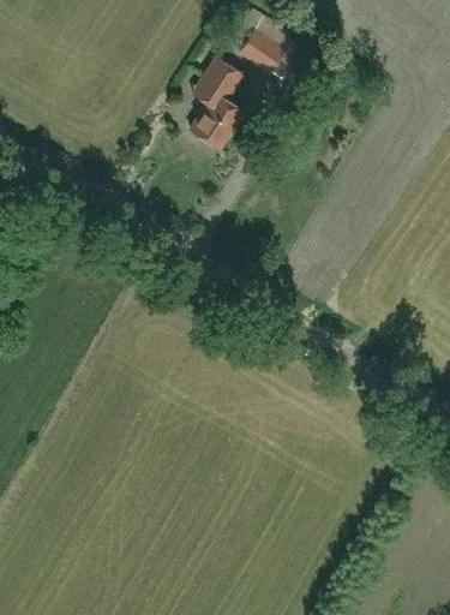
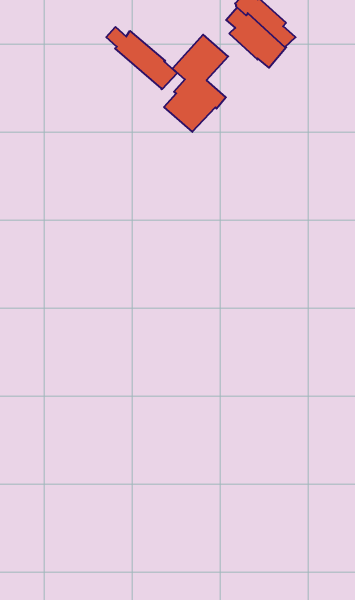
building: none -> [106,27,177,89]

